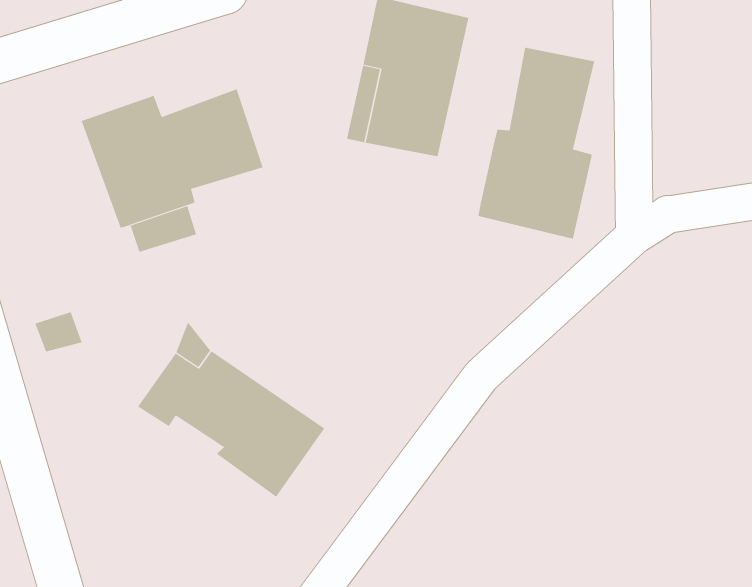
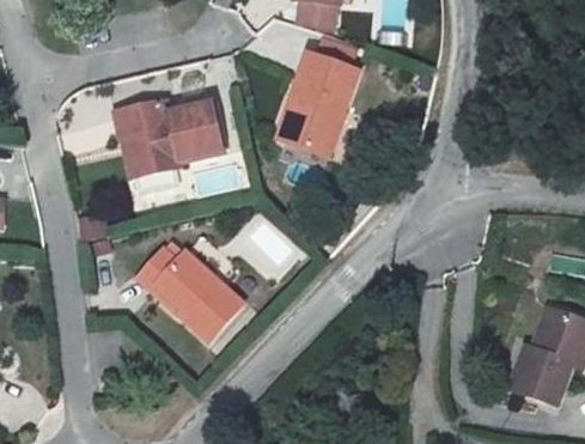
building: [478,47,595,240] -> none

